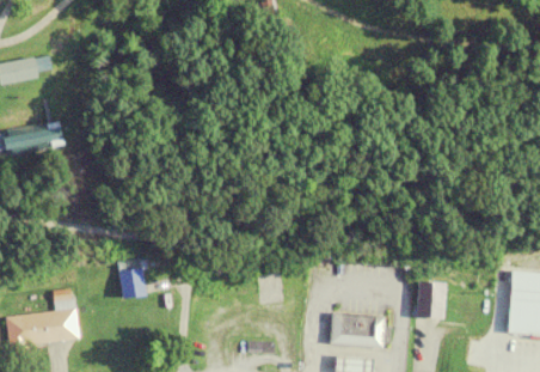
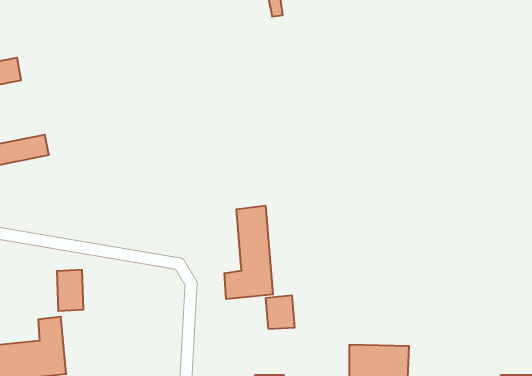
building: none -> [224,206,273,299]
building: [119,260,143,297] -> [57,270,83,311]
building: [417,281,444,317] -> none

